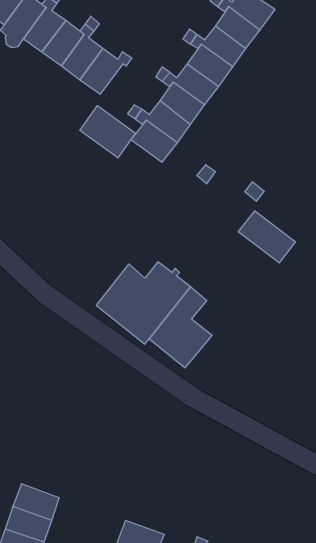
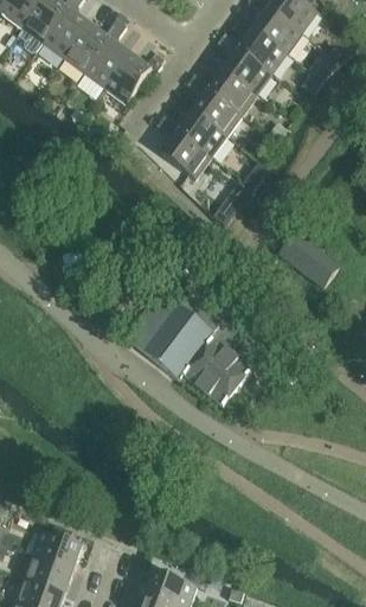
building: [80,106,135,158] -> none

